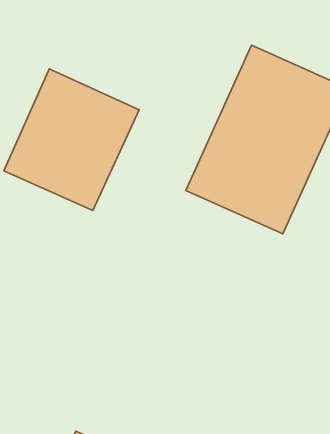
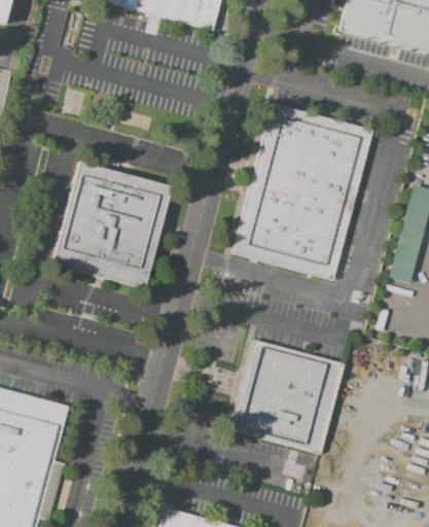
building: none -> [230,340,345,455]

